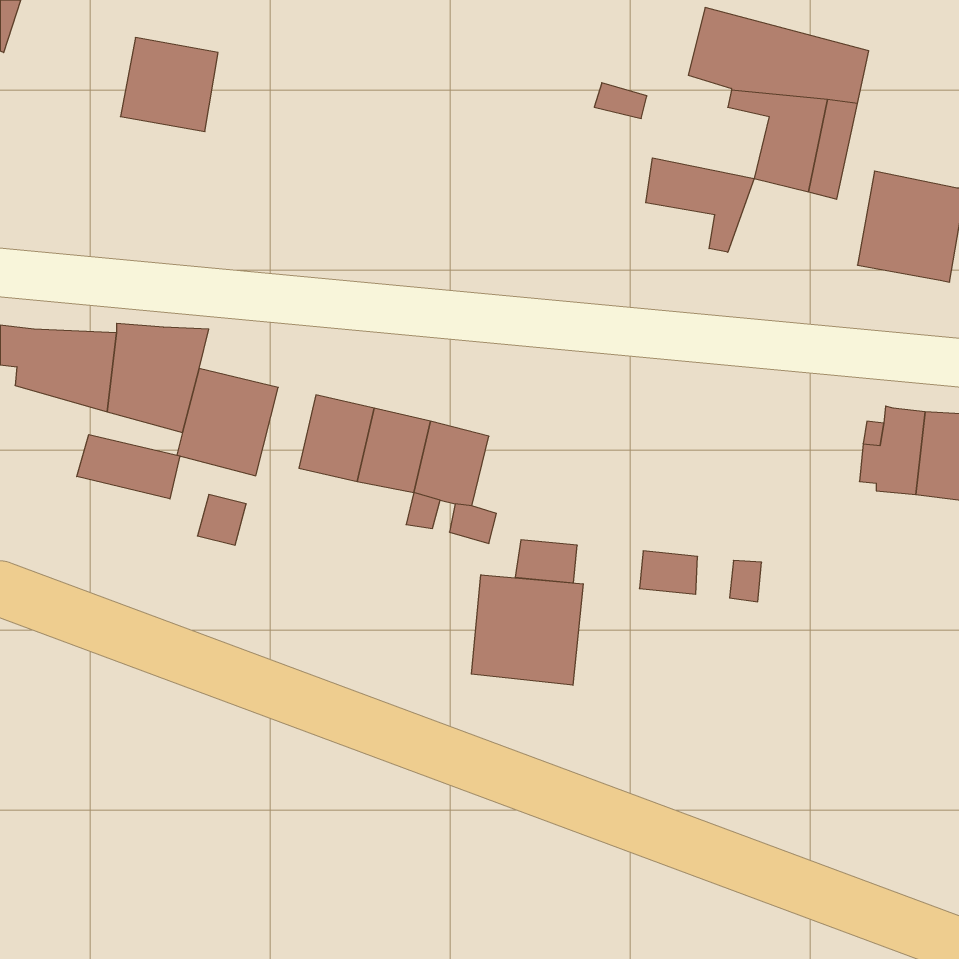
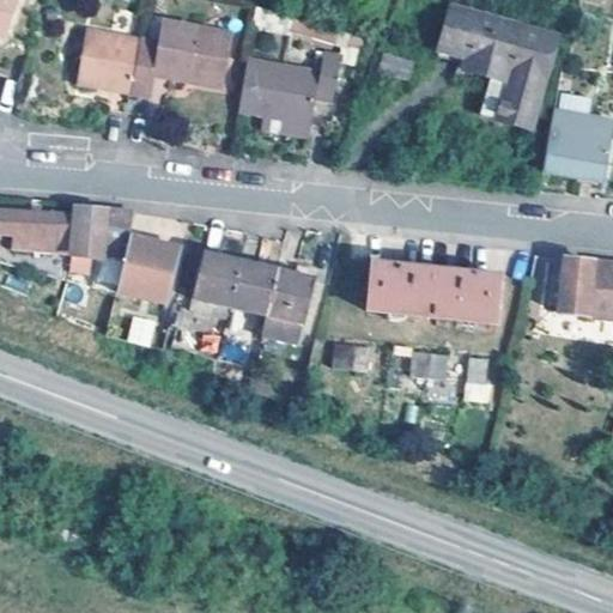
building: none -> [132,16,232,89]
building: none -> [236,48,341,125]
building: [646,158,754,252] -> none
building: none -> [365,262,499,324]
building: [77,435,180,499] -> none
building: [471,575,583,685] -> none

